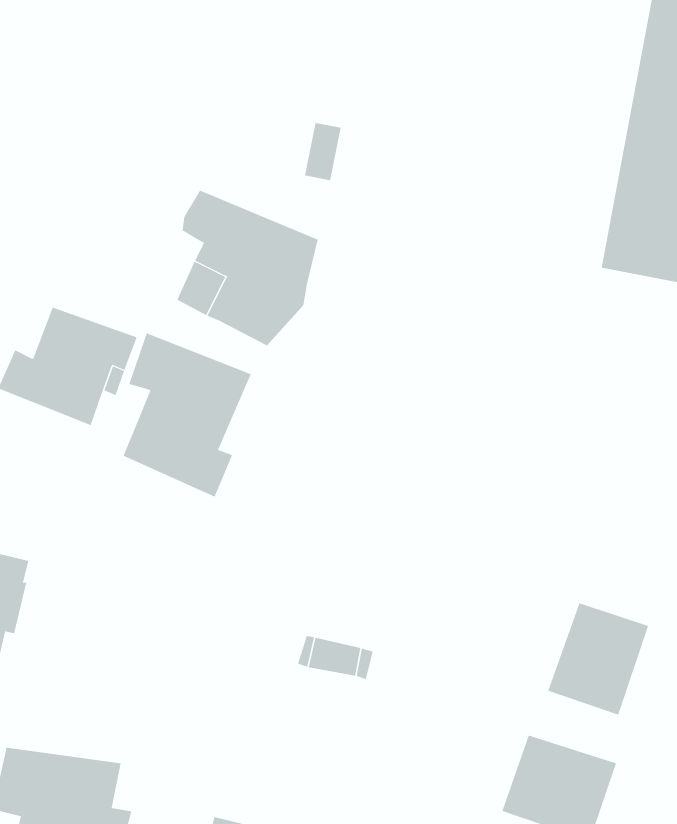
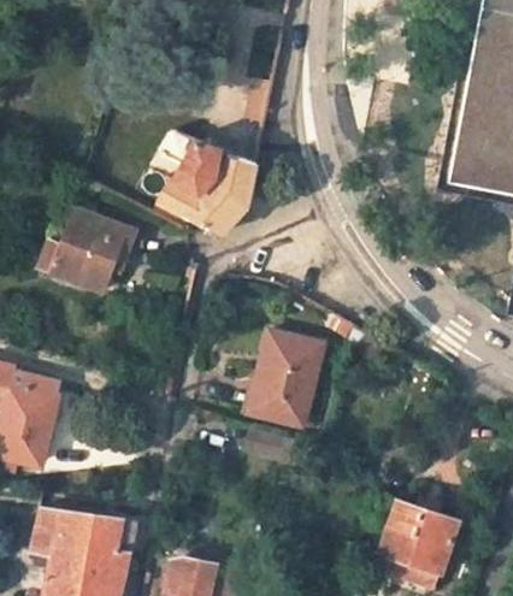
building: [123,332,252,497] -> none
building: none -> [258,329,325,425]
building: [547,602,649,715] -> none

